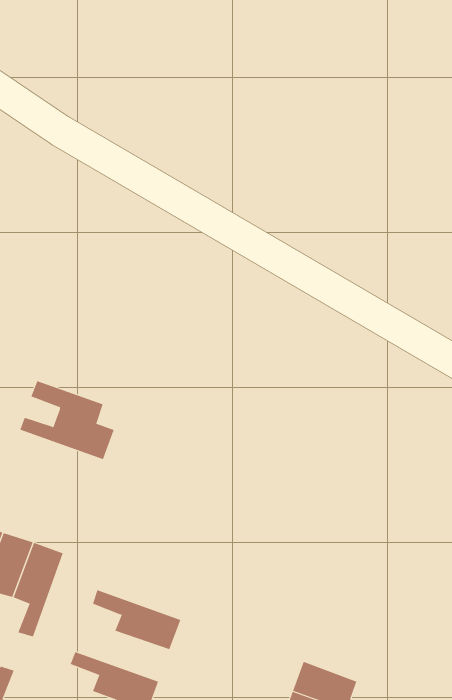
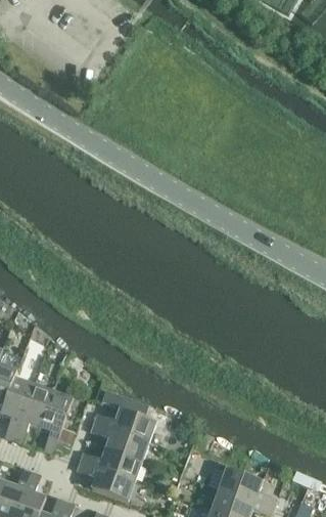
building: [19,381,115,460] -> [94,390,155,441]
building: none -> [80,448,141,481]

